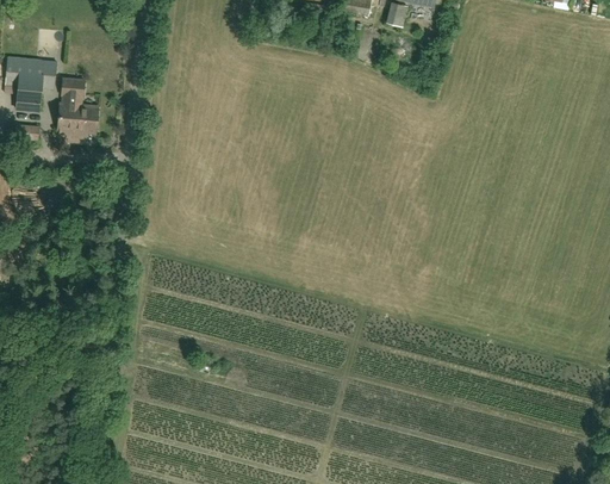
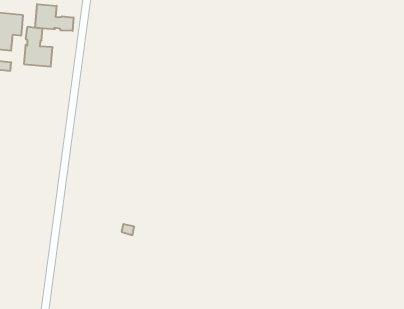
building: none -> [35,4,73,31]

